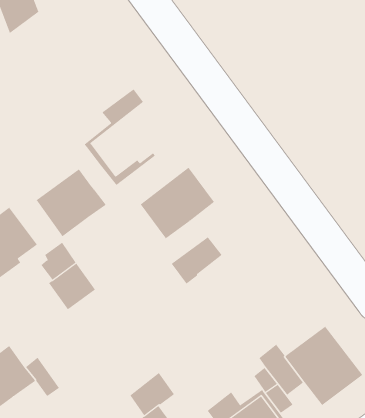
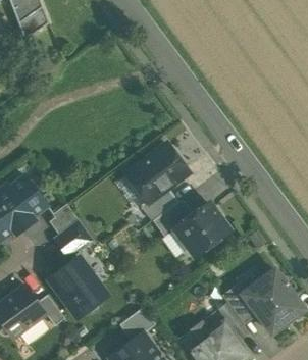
building: [84,88,156,186] -> none
building: [36,168,106,237] -> none
building: none -> [141,187,178,220]
building: none -> [173,201,229,256]
building: none -> [51,259,104,314]

